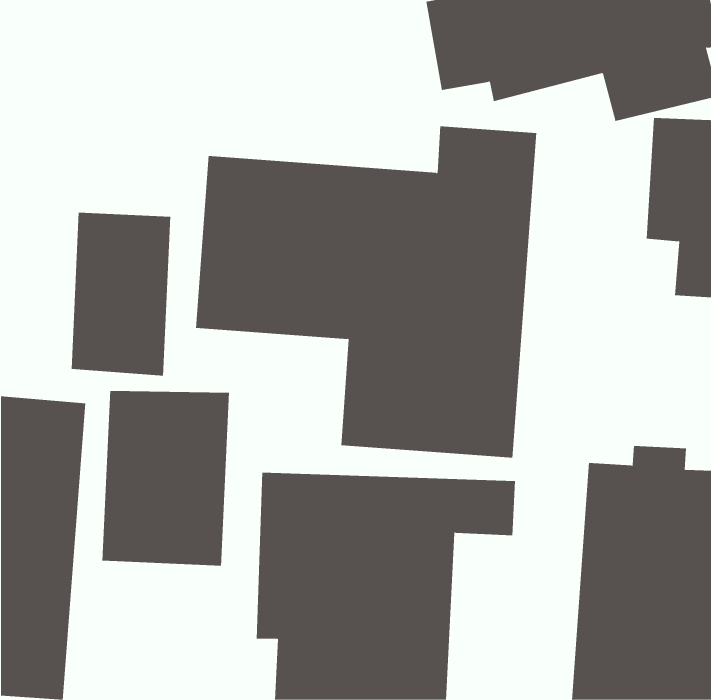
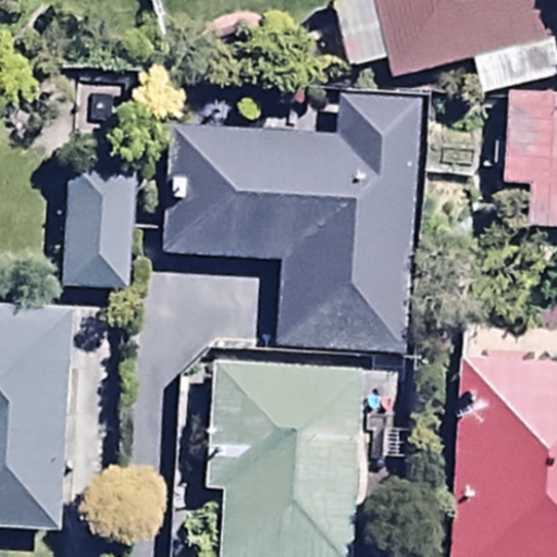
building: [102,390,230,567] -> none

